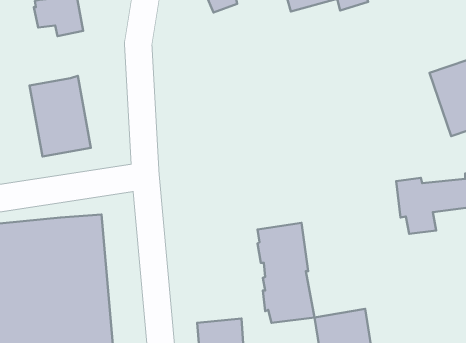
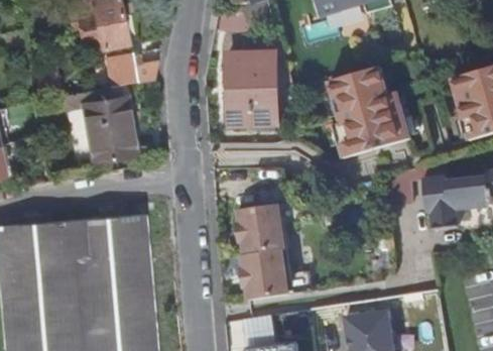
building: none -> [110,53,157,84]
building: none -> [229,53,276,120]
building: none -> [331,66,413,158]
building: [257,223,314,323] -> [234,204,287,298]

